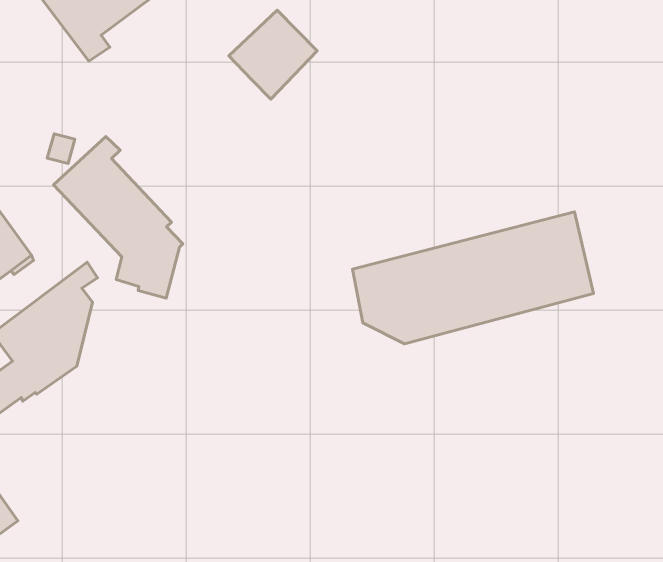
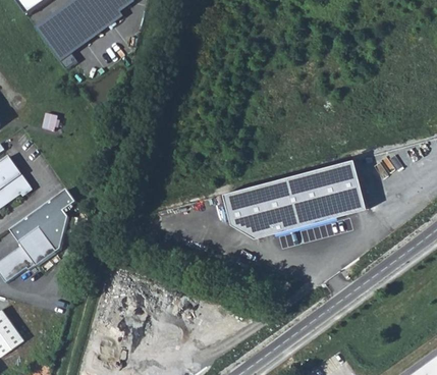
building: [229,10,317,99] -> none
building: [54,136,183,298] -> none

